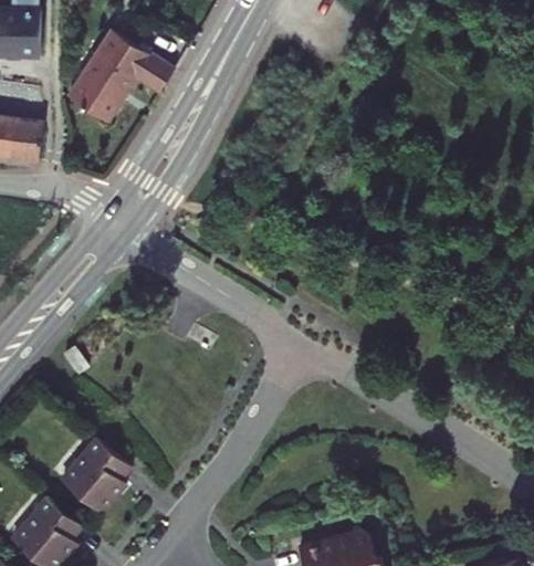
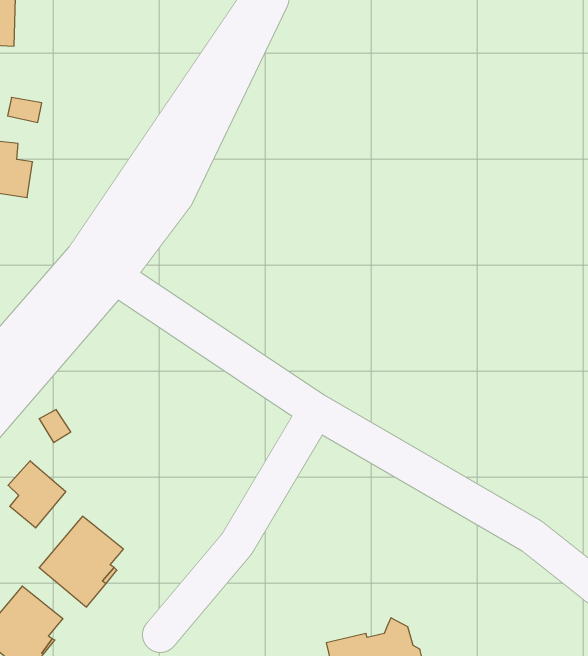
building: [69,30,174,124] -> none
building: none -> [8,461,66,528]

